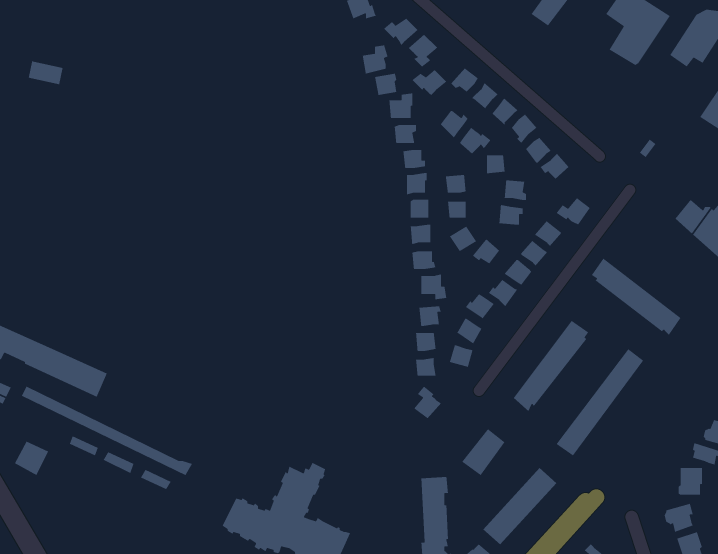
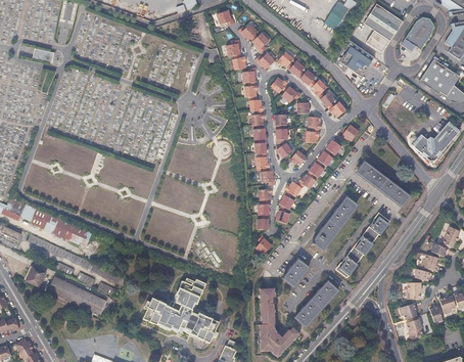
building: none -> [339,47,371,77]
building: none -> [46,276,110,316]

